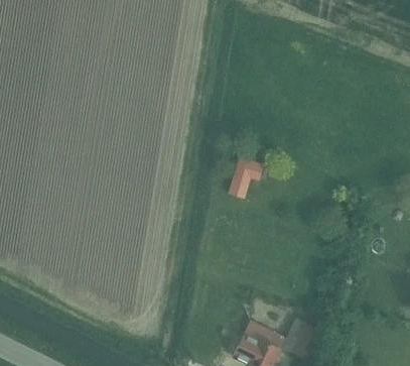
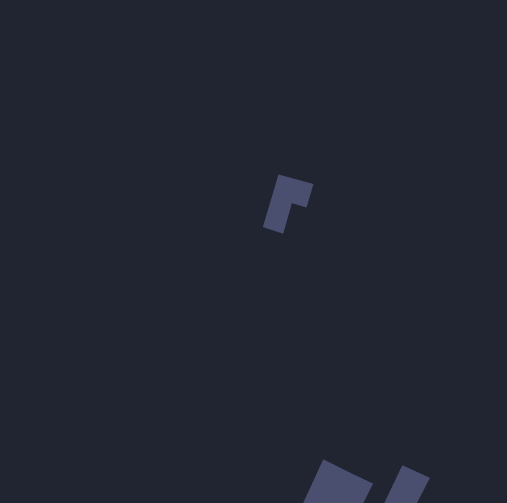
building: [230,154,266,197] -> [262,173,315,235]

